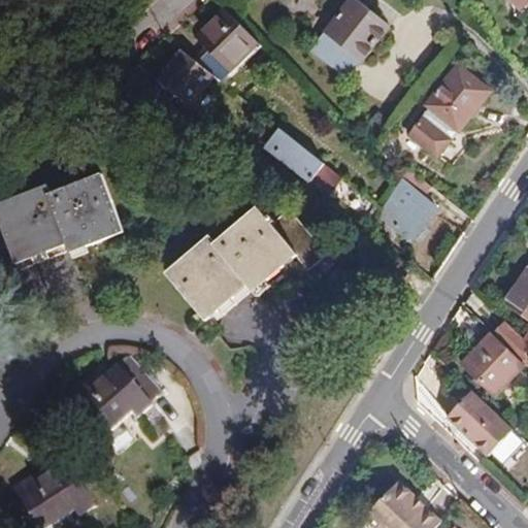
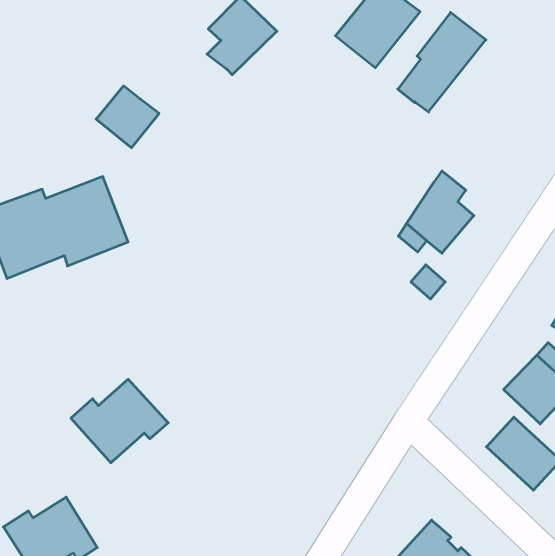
building: [156,51,212,106] -> [96,86,159,148]
building: [408,65,488,155] -> [398,12,486,112]
building: [258,127,340,194] -> none
building: [163,205,327,320] -> none

